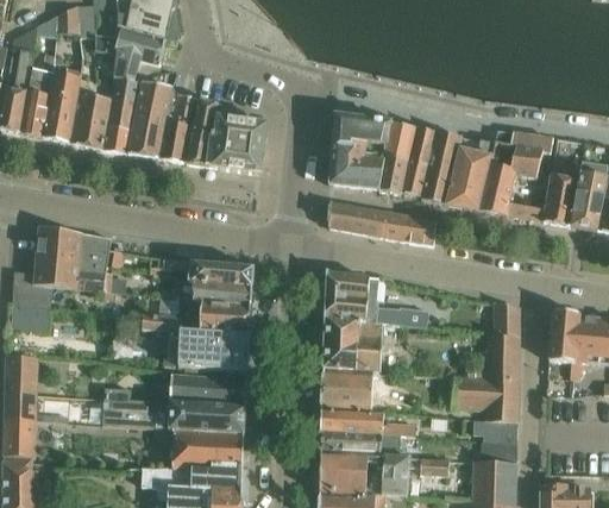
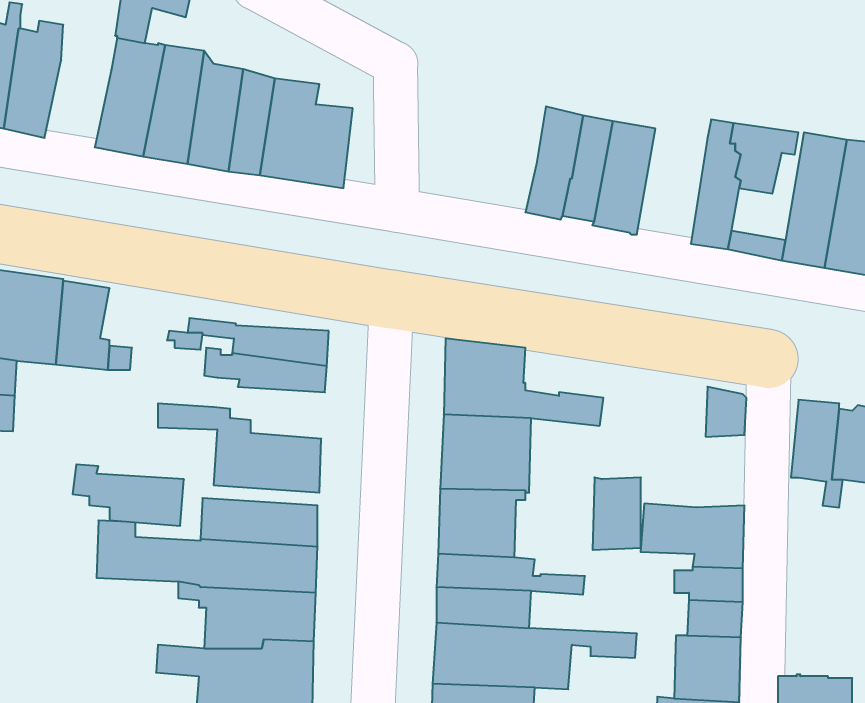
building: [69,93,112,149] -> none
building: [329,114,390,190] -> none
building: [448,137,494,211] -> none
building: [327,201,435,245] -> none
building: [177,296,249,335] -> [73,464,184,526]
building: [486,333,517,380] -> [593,477,641,550]

